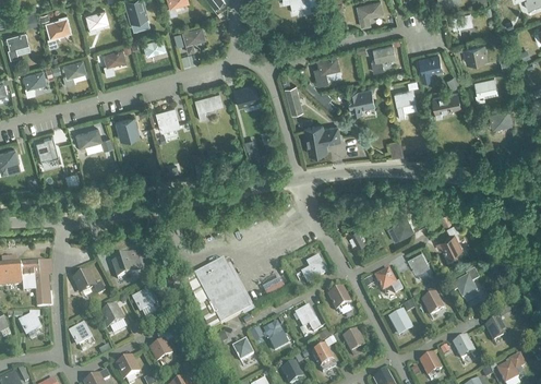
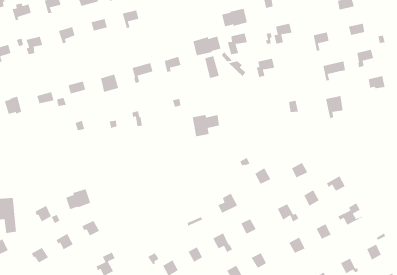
building: none -> [221,8,248,27]
building: none -> [192,36,221,56]
building: [394,88,417,118] -> [325,95,344,119]
building: [304,127,339,155] -> [192,114,220,137]
building: [187,257,250,329] -> none

